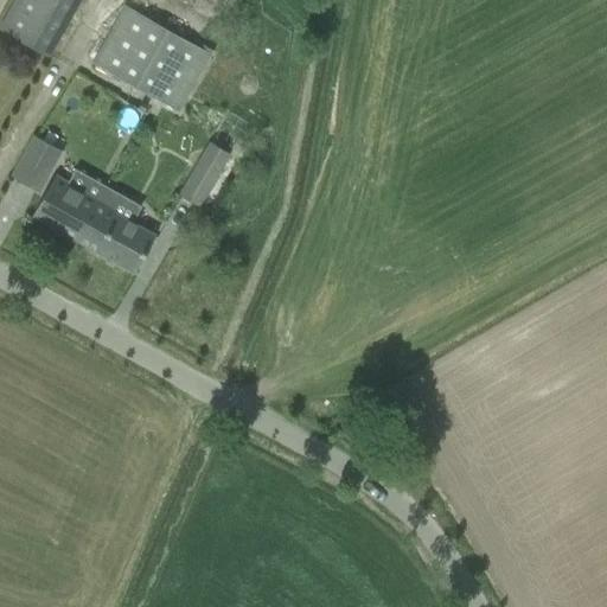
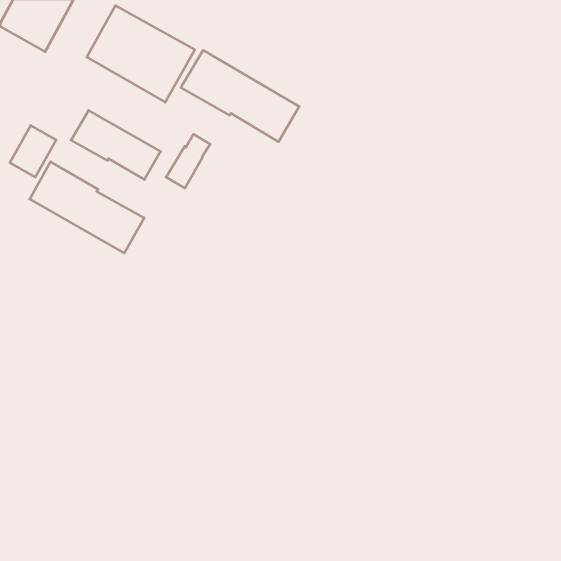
building: none -> [181,50,299,142]
building: none -> [71,110,161,180]

